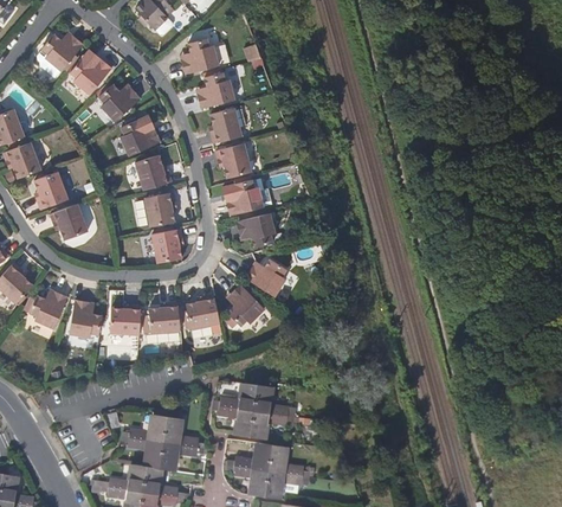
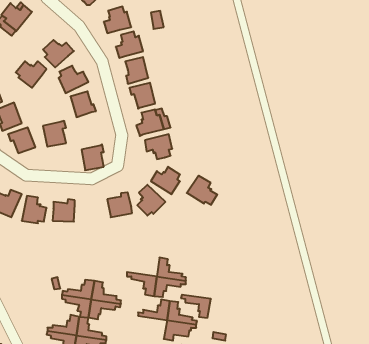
building: [67,57,110,94] -> [16,61,46,88]
building: [142,191,174,226] -> [43,121,66,147]
building: none -> [187,176,217,205]
building: [149,301,182,334] -> none
building: [213,383,258,410] -> none
building: [227,464,269,496] -> [181,295,211,318]

